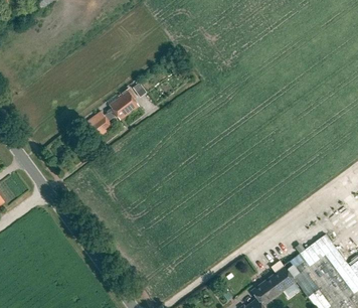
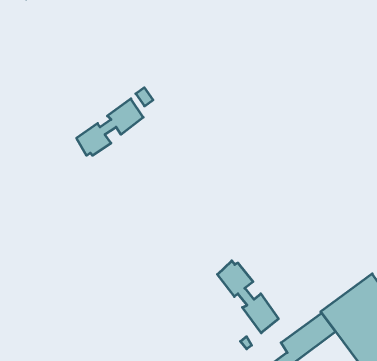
building: none -> [217,261,278,333]

